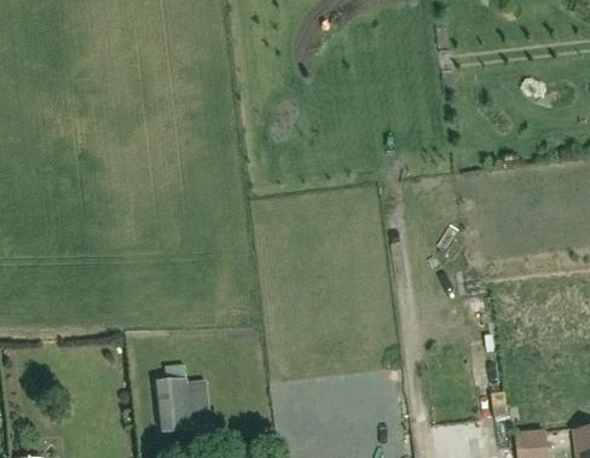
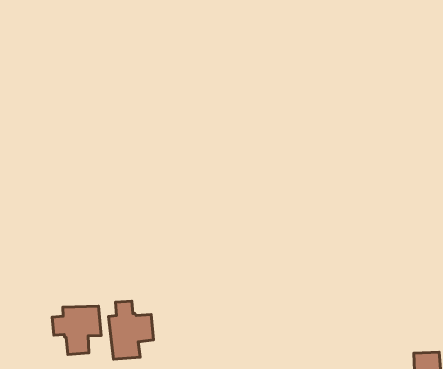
building: none -> [52,306,101,354]

